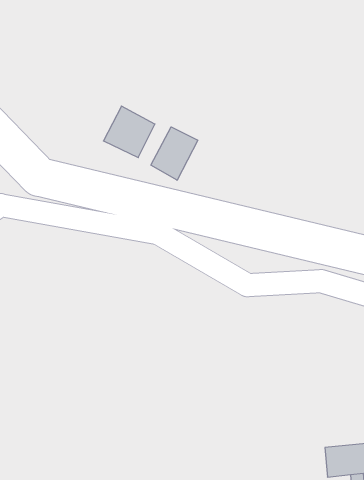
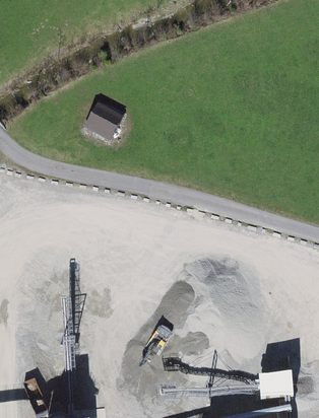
building: [151,127,198,180] -> none

